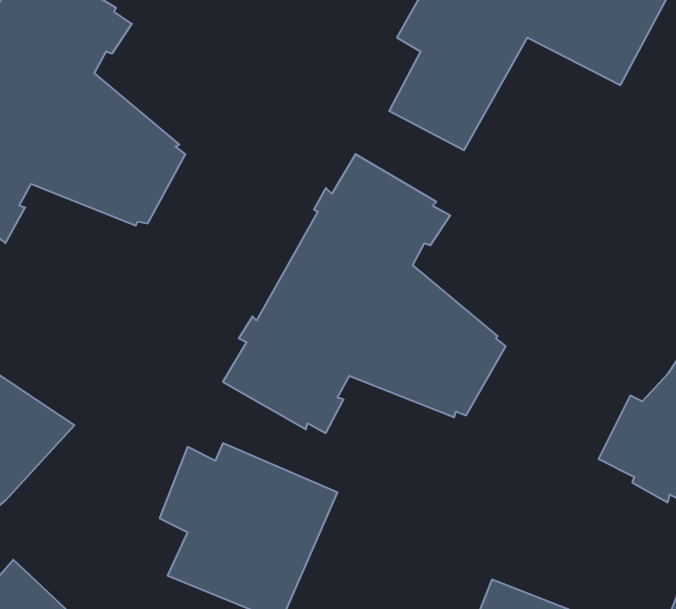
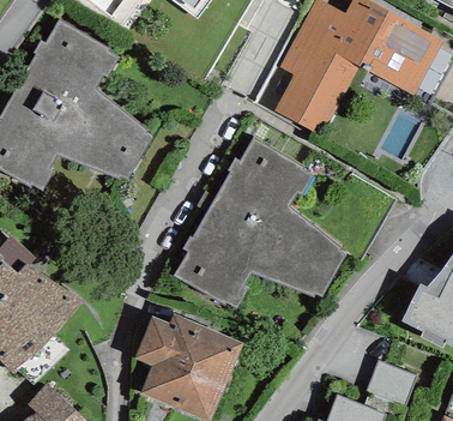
building: none -> [366,361,416,405]

